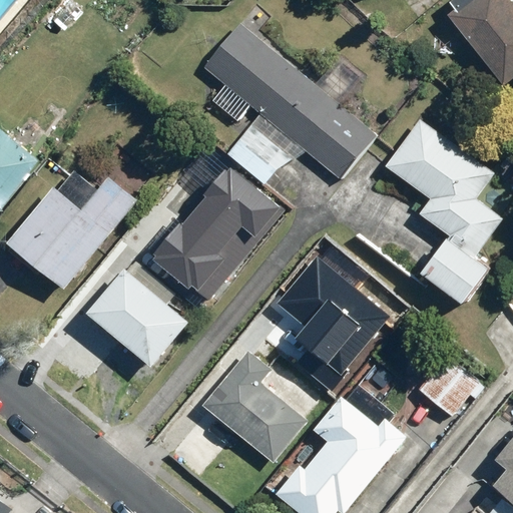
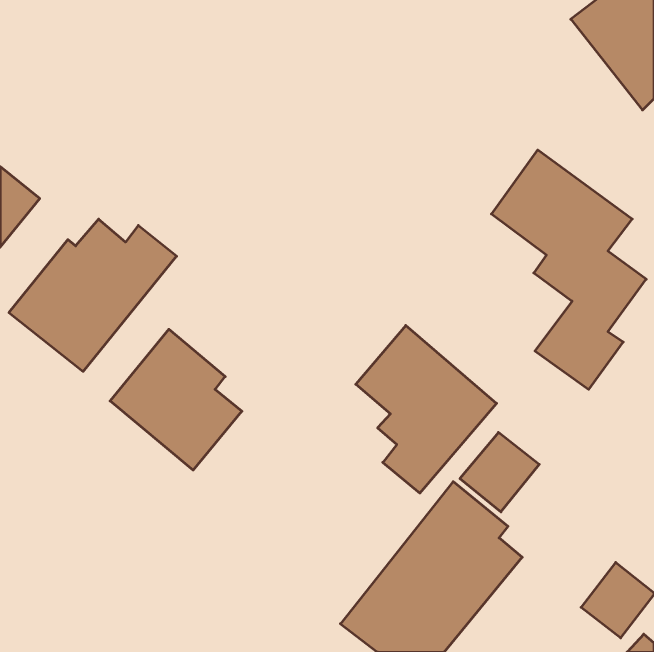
building: [204,21,379,184] -> none
building: [152,163,286,302] -> none
building: [200,348,310,464] -> none
building: [419,355,481,417] -> [460,432,539,512]

